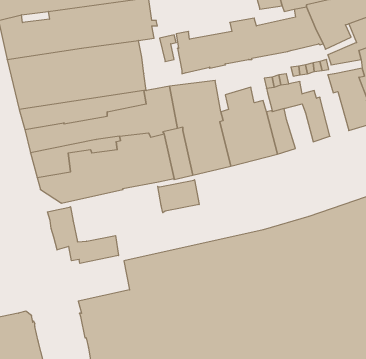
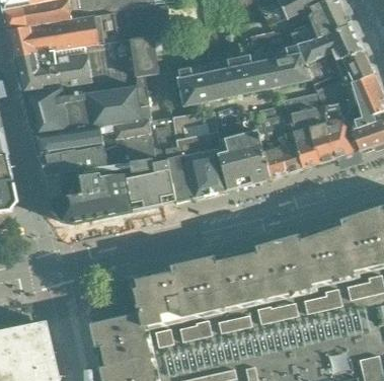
building: none -> [291,106,335,162]
building: none -> [277,133,303,173]
building: [158,180,199,213] -> none
building: [47,207,118,263] -> none

